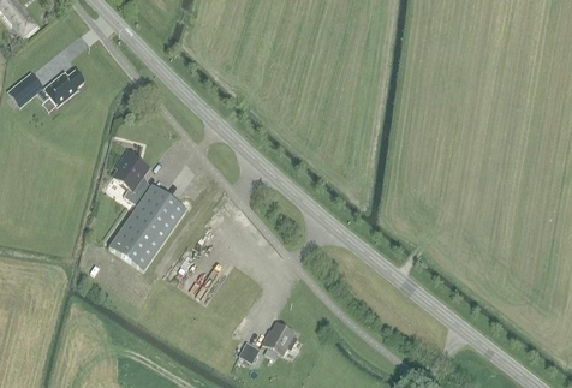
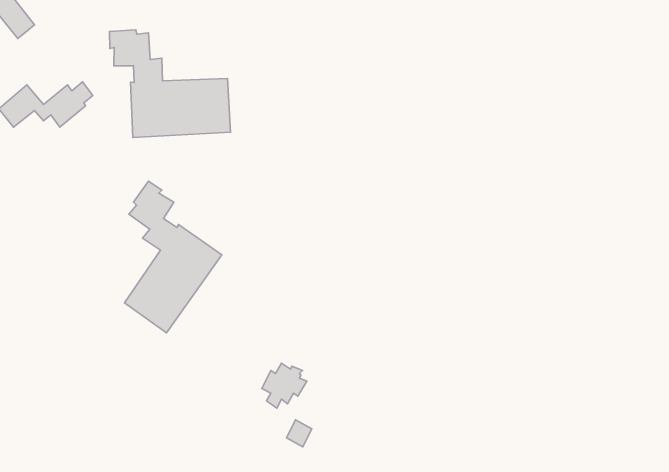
building: none -> [109,30,231,138]
building: [261,322,297,358] -> [262,363,307,408]

